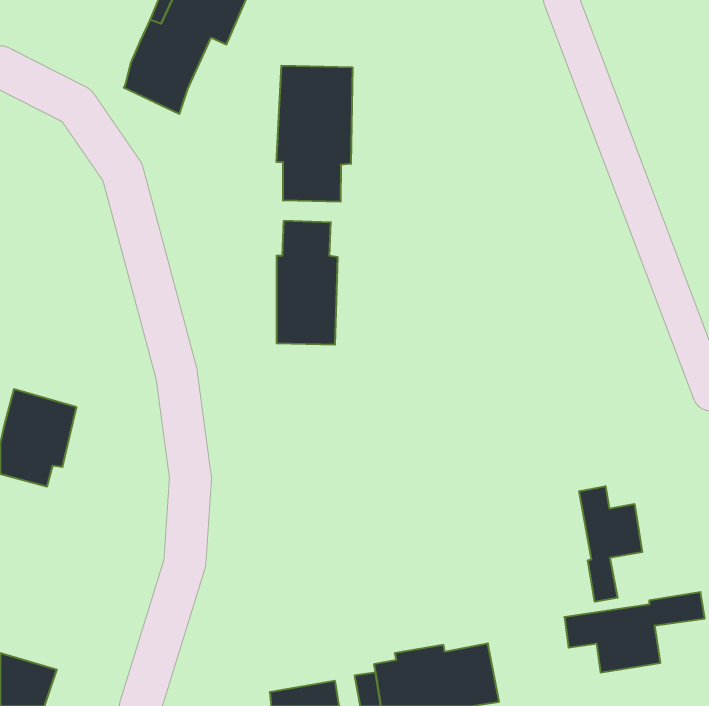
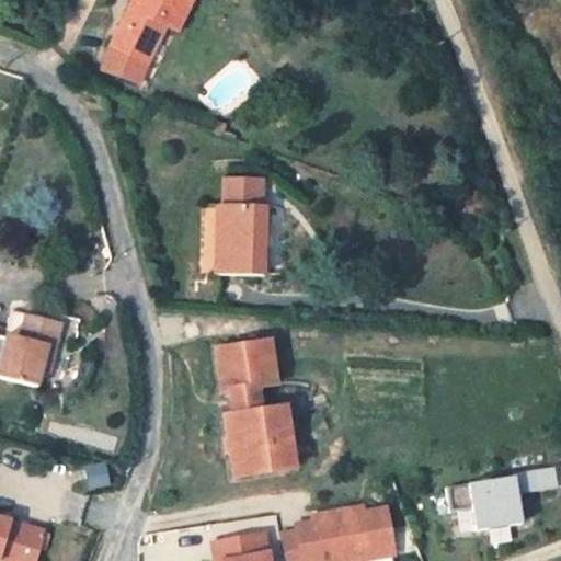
building: [277,66,352,202] -> none
building: none -> [217,340,295,474]
building: [579,486,642,602] -> none

